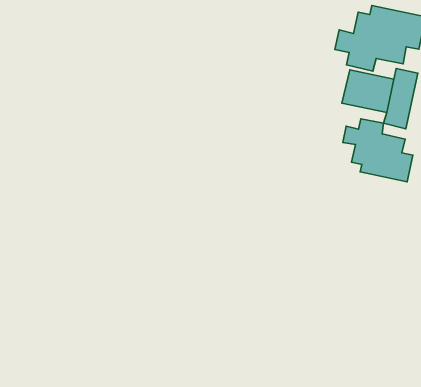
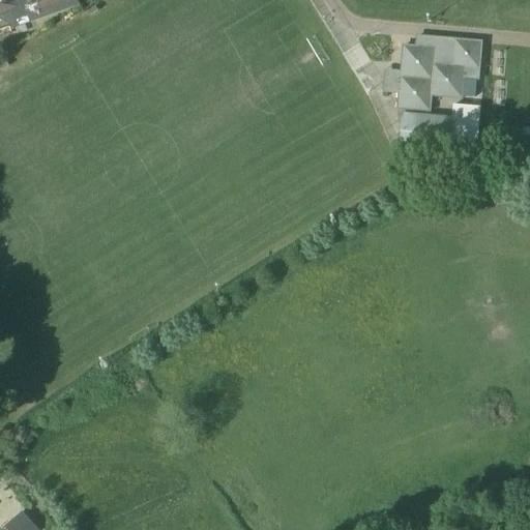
building: [343,119,413,182] -> none

